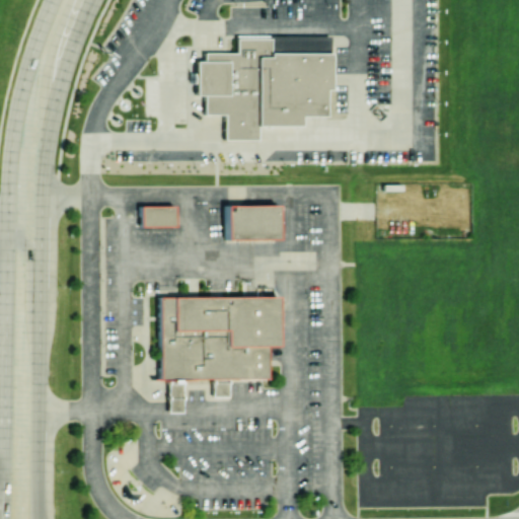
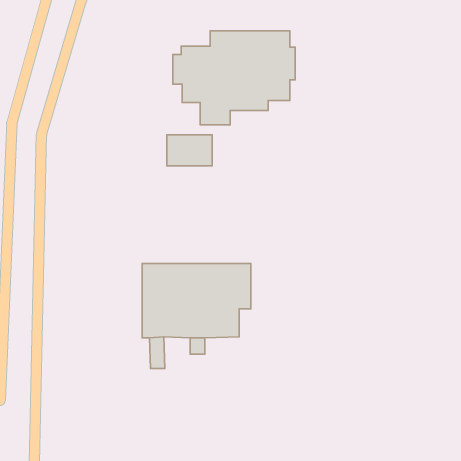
building: [141,206,174,226] -> none
building: [228,206,279,240] -> [167,135,212,166]

